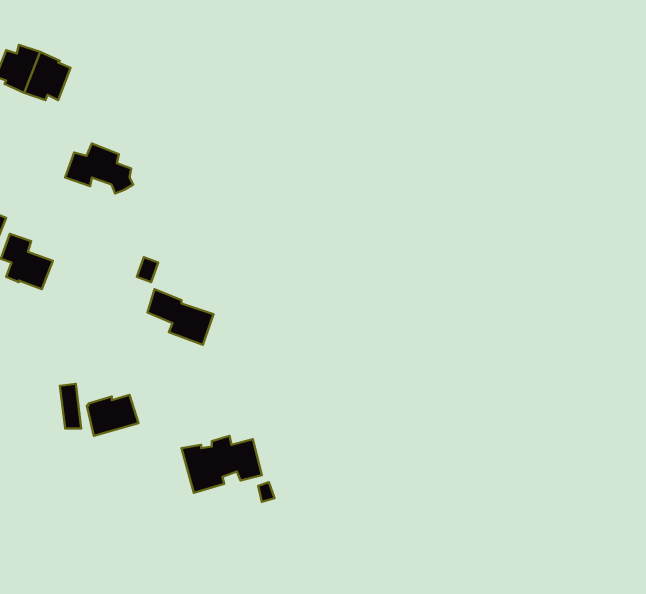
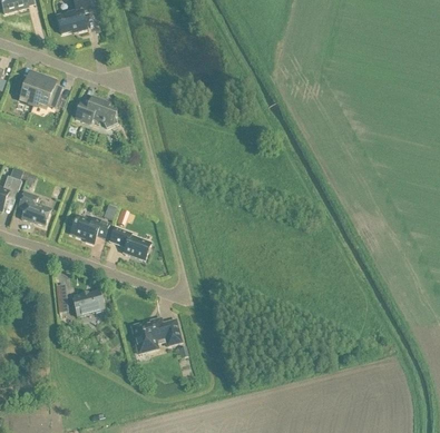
building: [65,143,133,193] -> [75,96,117,127]
building: none -> [69,214,109,242]

